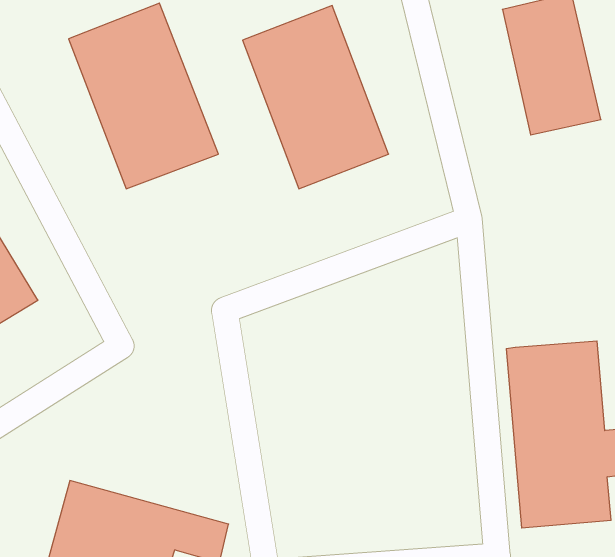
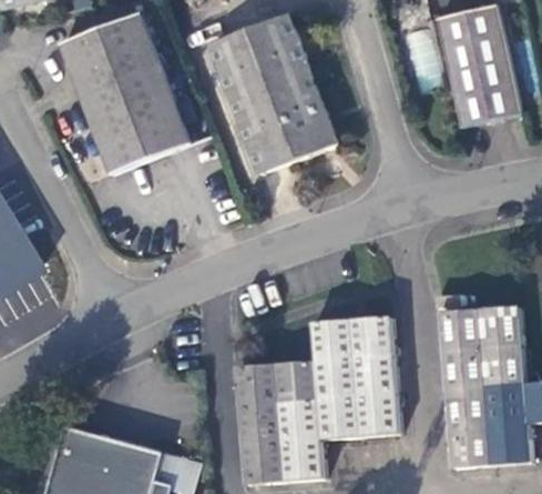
building: none -> [236,315,400,484]

